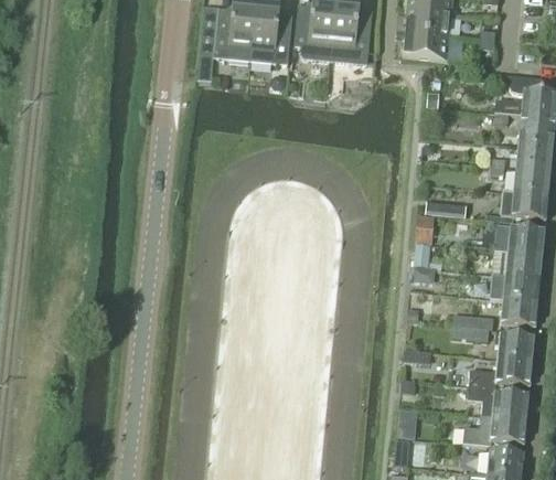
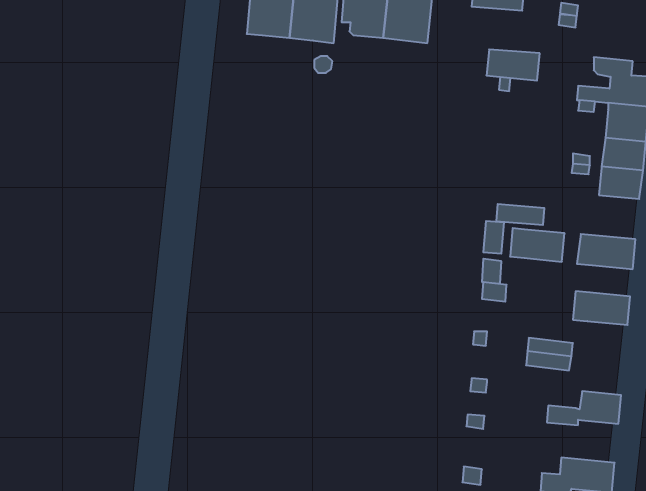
building: [403,32,448,58] -> [486,49,540,81]
building: [501,191,547,220] -> [510,228,565,262]
building: [505,252,542,278] -> none
building: [501,299,537,327] -> none
building: [494,333,534,362] -> none
building: [468,385,528,419] -> none

